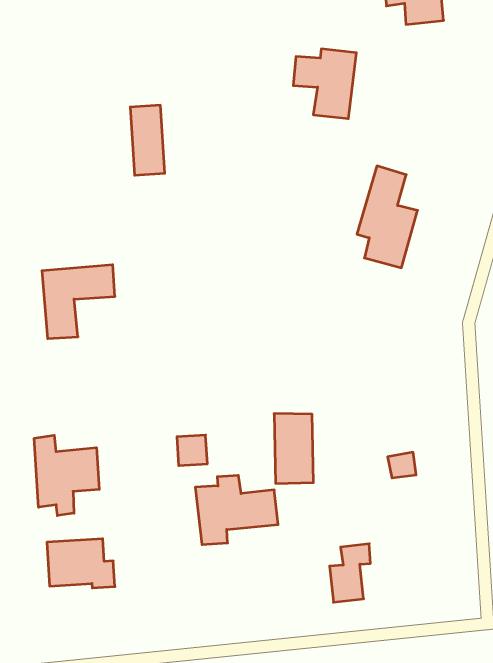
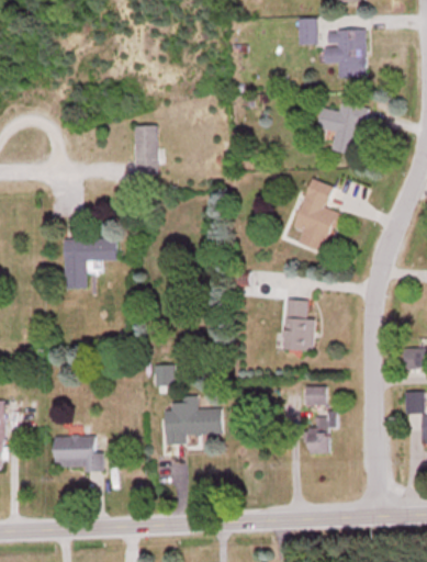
building: [293,49,356,119] -> [317,103,364,155]
building: [274,414,313,483] -> [283,300,313,351]
building: [34,435,99,516] -> none
building: [330,544,370,602] -> [306,414,336,454]

